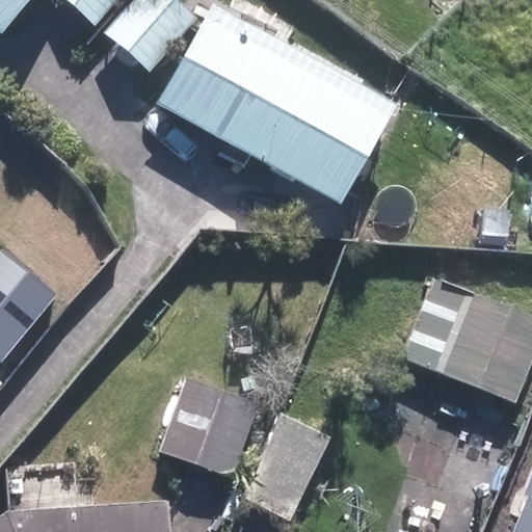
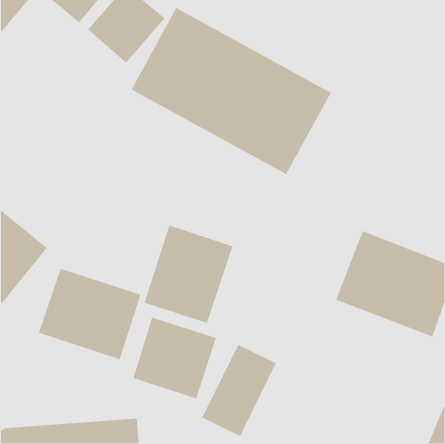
building: none -> [144,225,233,324]
building: none -> [38,268,142,360]

